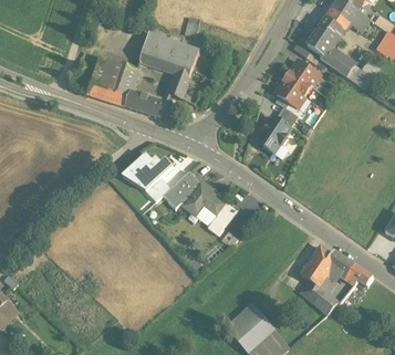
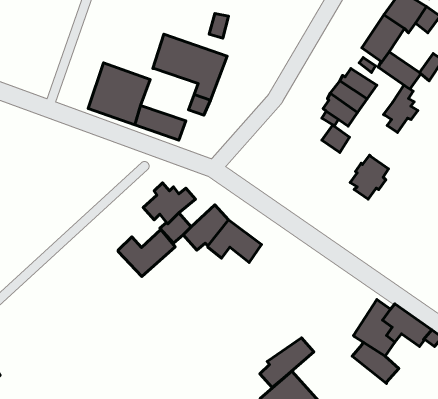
building: none -> [384,85,418,133]
building: [259,117,290,153] -> [350,155,389,199]
building: none -> [118,229,175,277]
building: [195,202,238,234] -> none
building: none -> [260,338,314,388]

